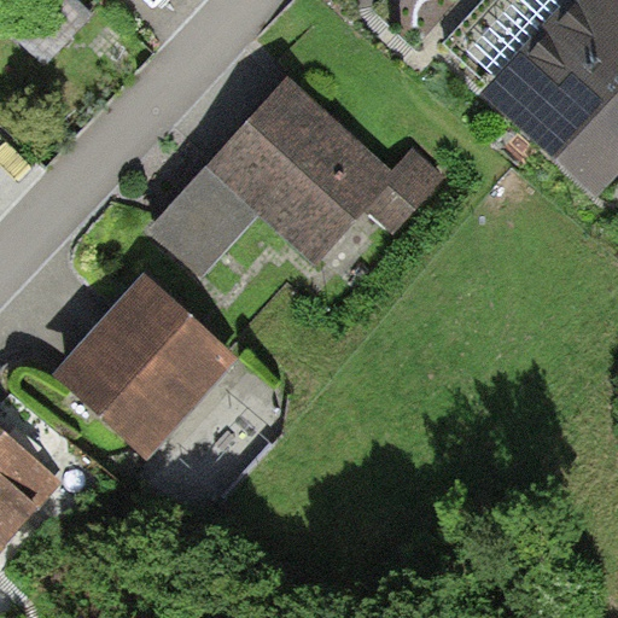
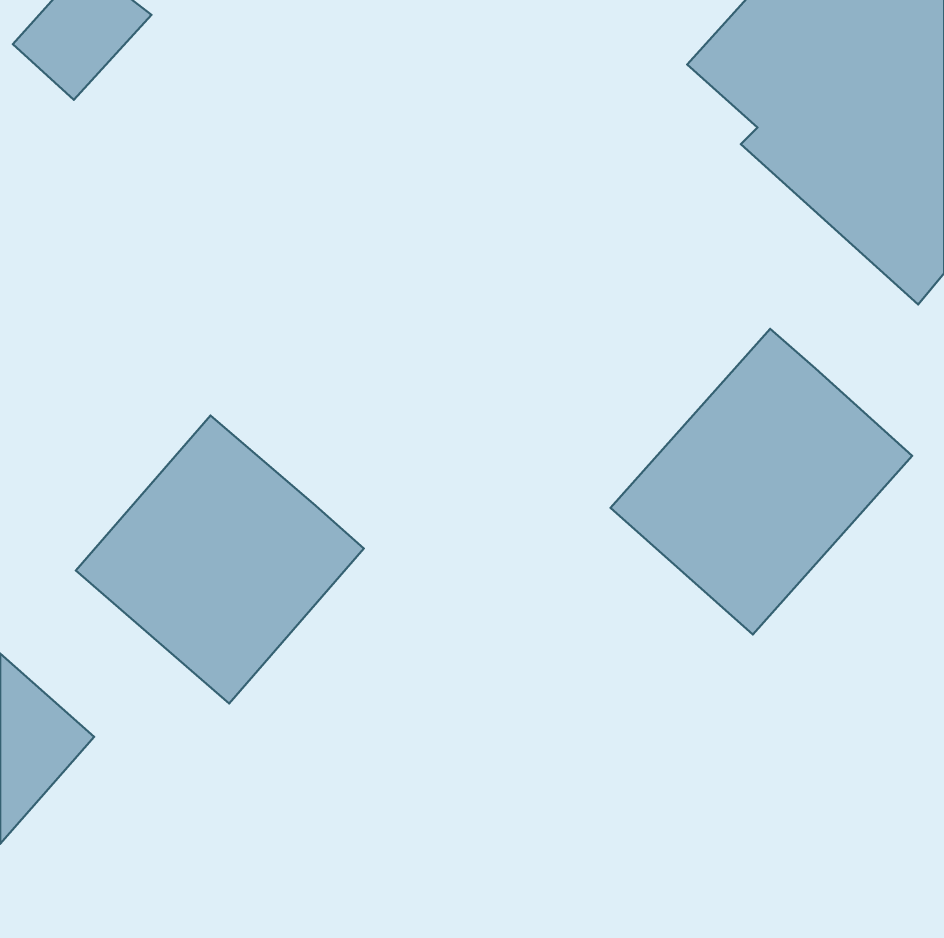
building: [148,76,443,280] -> none
building: none -> [611,329,912,635]

